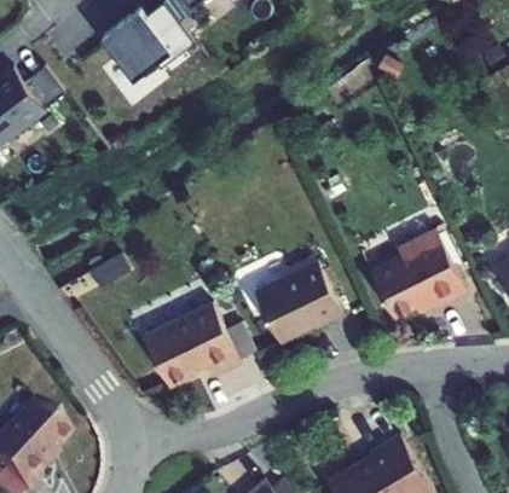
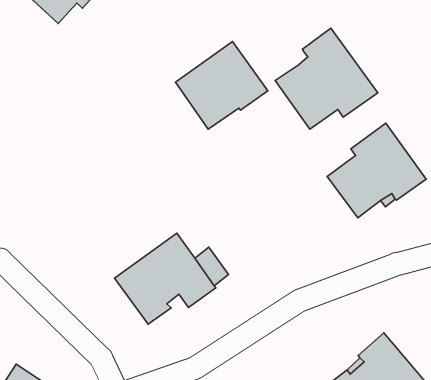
building: none -> [275,28,378,129]
building: [255,262,345,344] -> [175,41,268,129]

